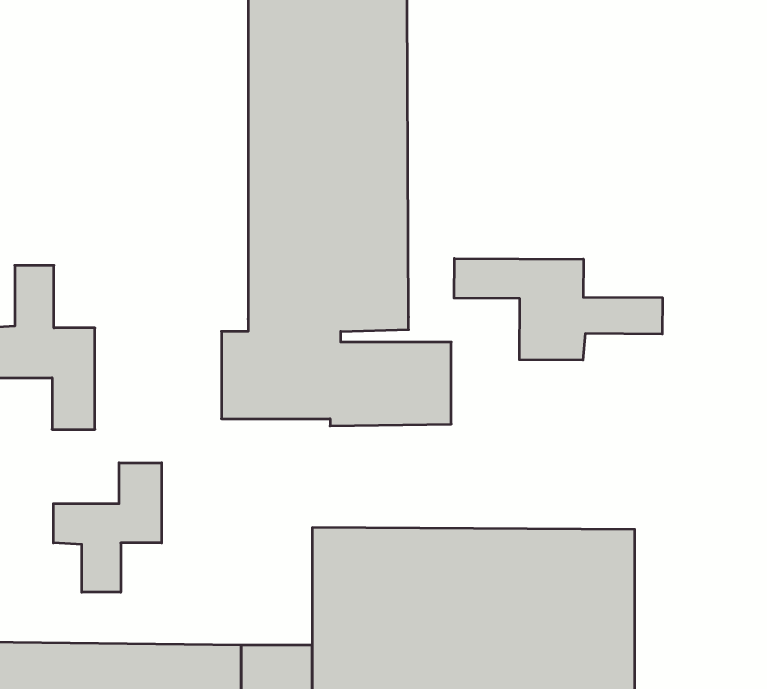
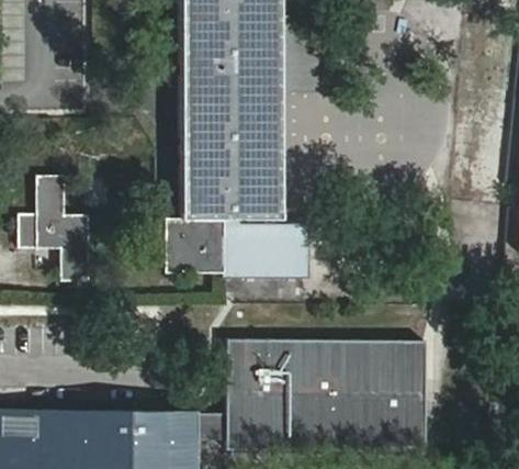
building: [454,258,662,360] -> none
building: [53,463,162,592] -> none

